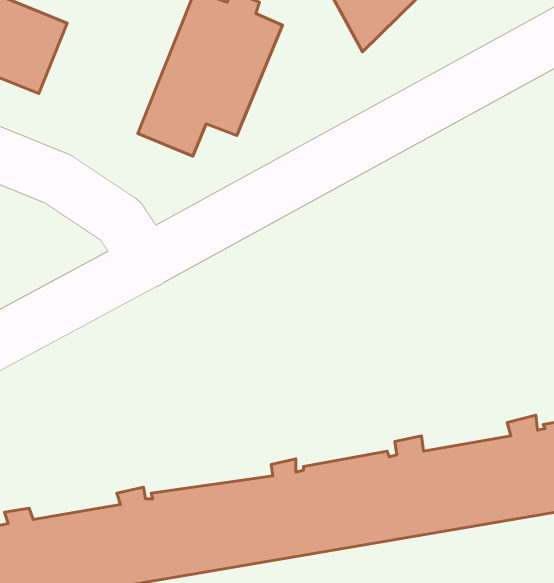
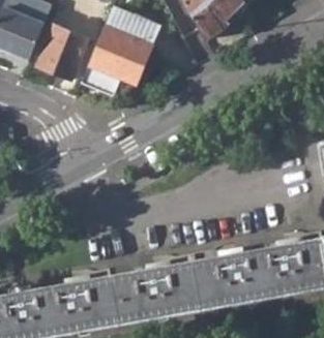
building: none -> [38,26,88,80]

